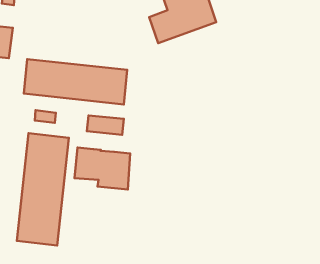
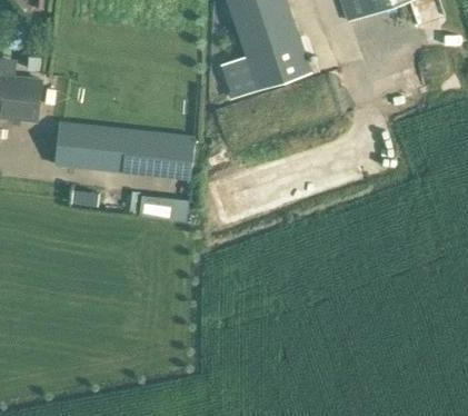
building: [17,133,69,246] -> none
building: [74,148,130,189] -> none

